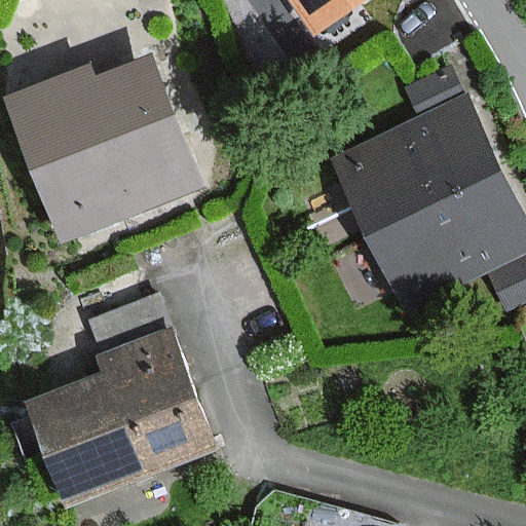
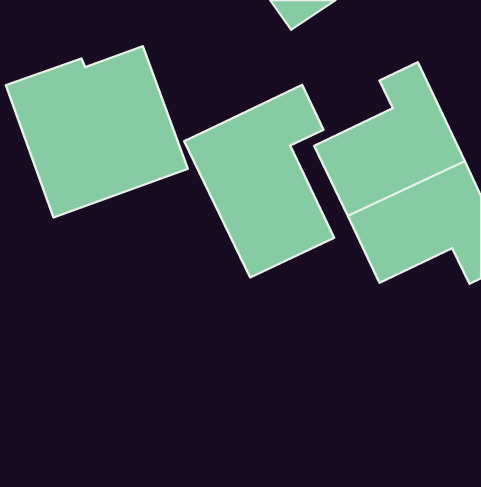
building: none -> [184,85,334,278]
building: [32,331,215,501] -> none

